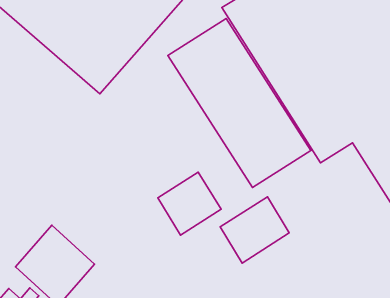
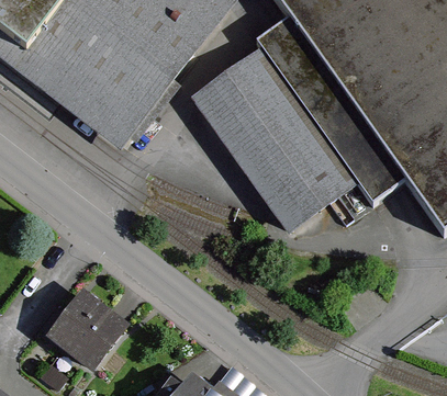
building: [158,172,221,235] -> none
building: [220,197,289,263] -> none

